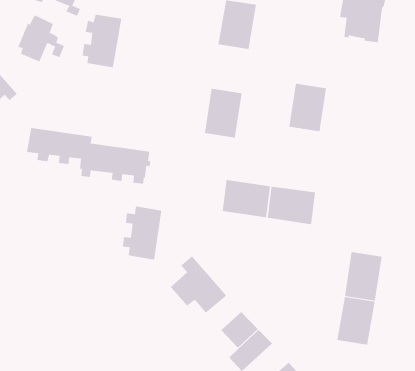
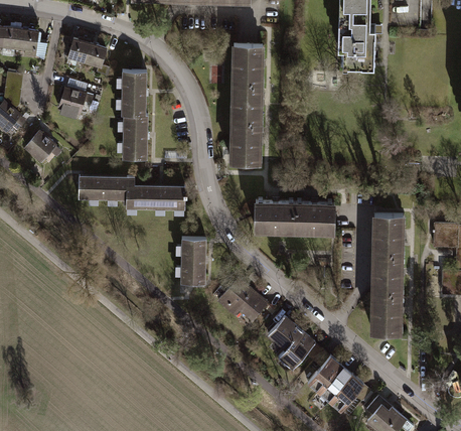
building: none -> [117,116,148,160]
building: [289,83,327,132] -> [233,85,262,125]
building: none -> [373,211,403,253]

